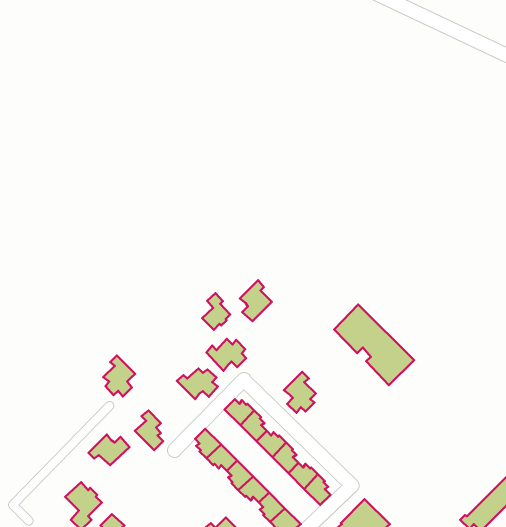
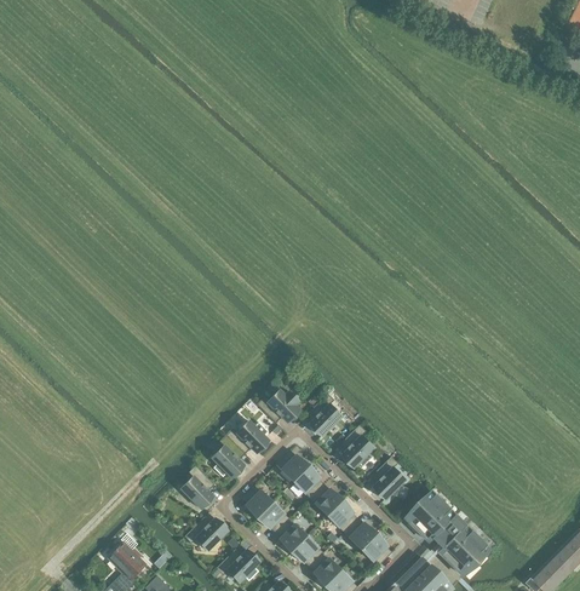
building: [240,280,272,321] -> [309,394,343,437]
building: [202,293,230,330] -> none
building: [334,304,414,385] -> [406,490,490,576]
building: [103,355,135,396] -> [212,435,246,478]
building: none -> [375,457,406,500]
building: [89,435,129,465] -> [185,517,229,550]
building: none -> [212,549,260,583]

